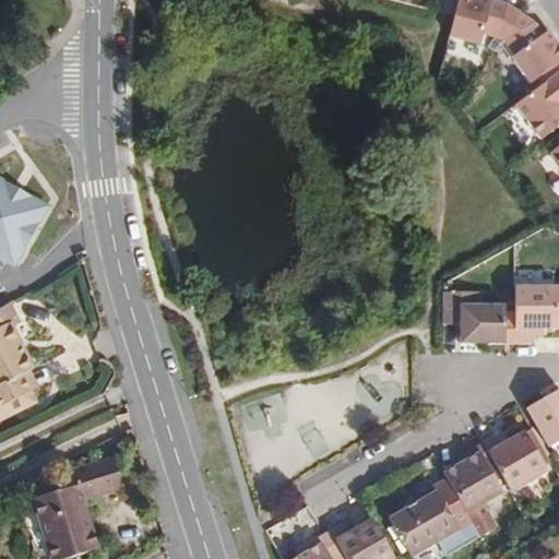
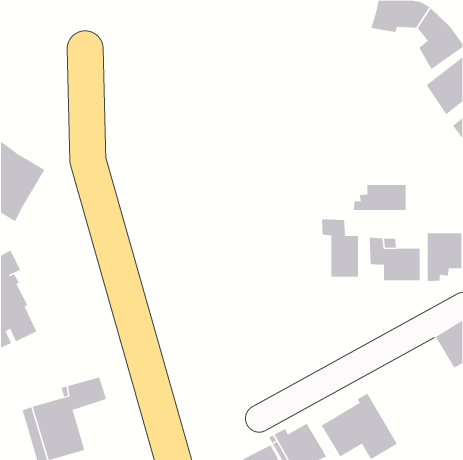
building: none -> [353,184,406,211]
building: none -> [322,218,358,277]
building: [485,432,548,492] -> none
building: [439,444,496,539] -> none

